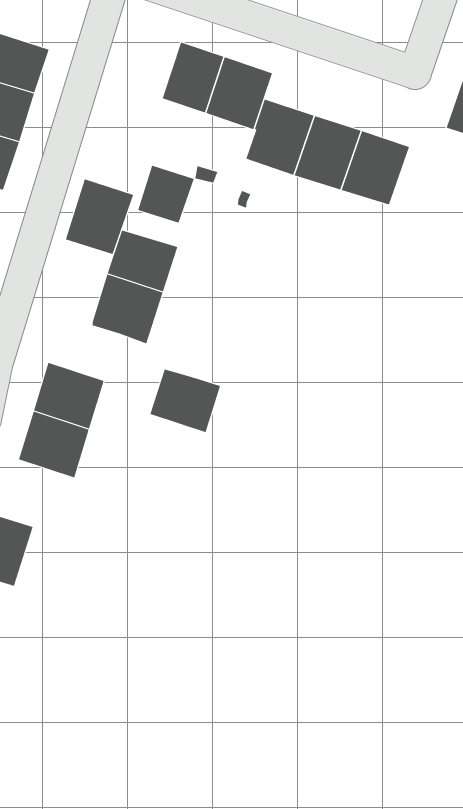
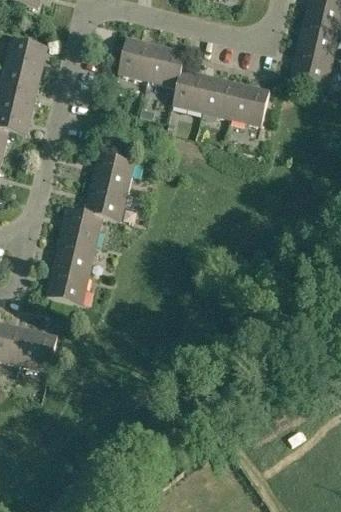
building: [138,165,194,223] -> none
building: [65,179,134,255] -> none
building: [150,369,221,433] -> [59,208,101,245]

